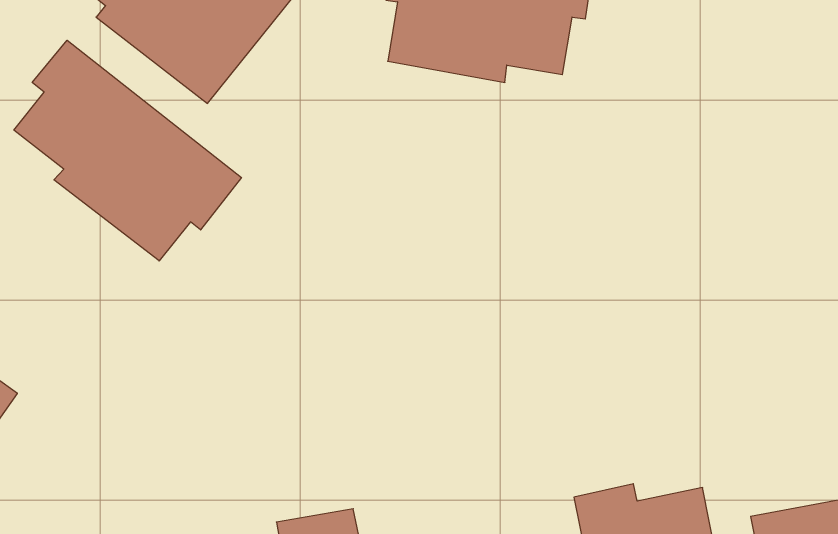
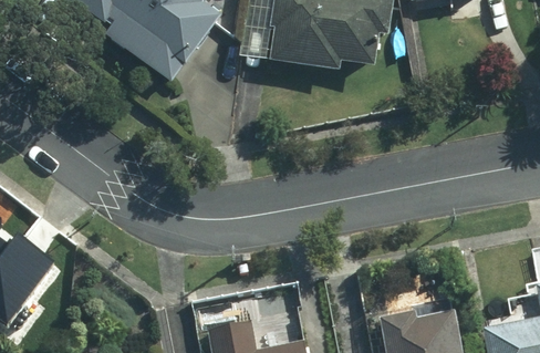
building: [14,40,241,261] -> none

